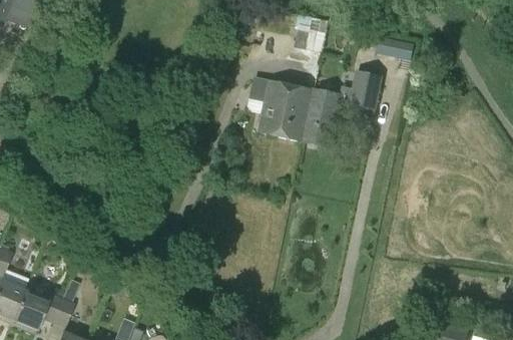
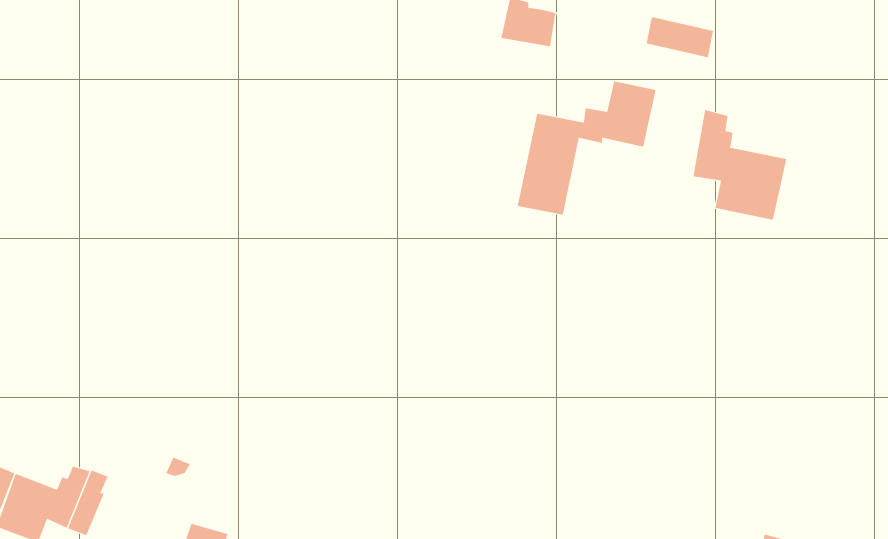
building: [258,79,315,141] -> none
building: none -> [693,109,787,221]

